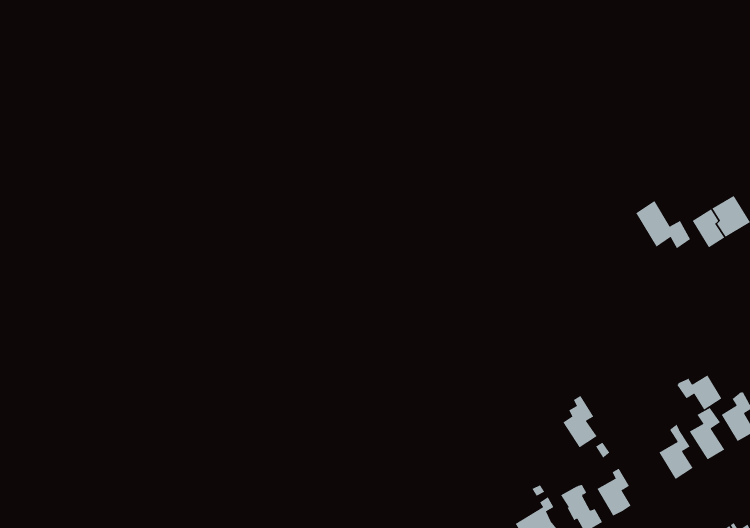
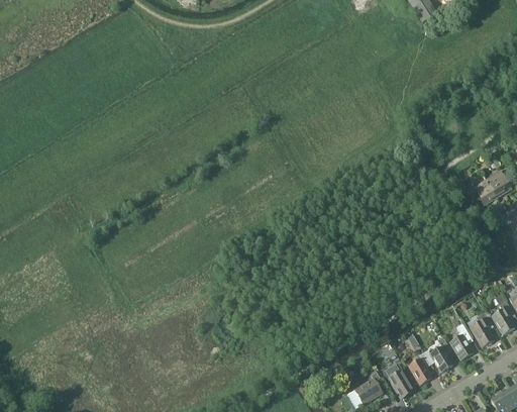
building: [635,200,691,249] -> none
building: [677,374,722,410] -> none
building: [563,395,597,448] -> [430,336,453,372]

